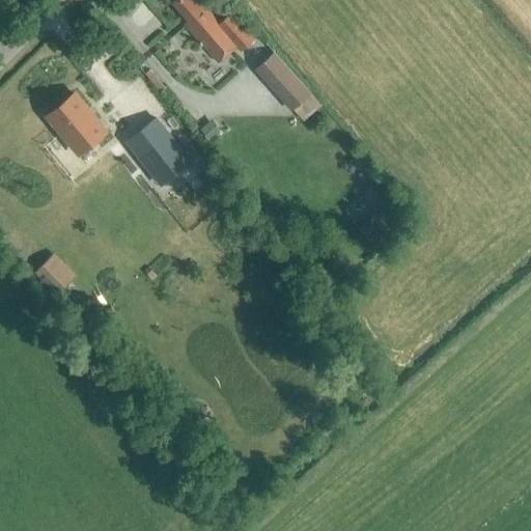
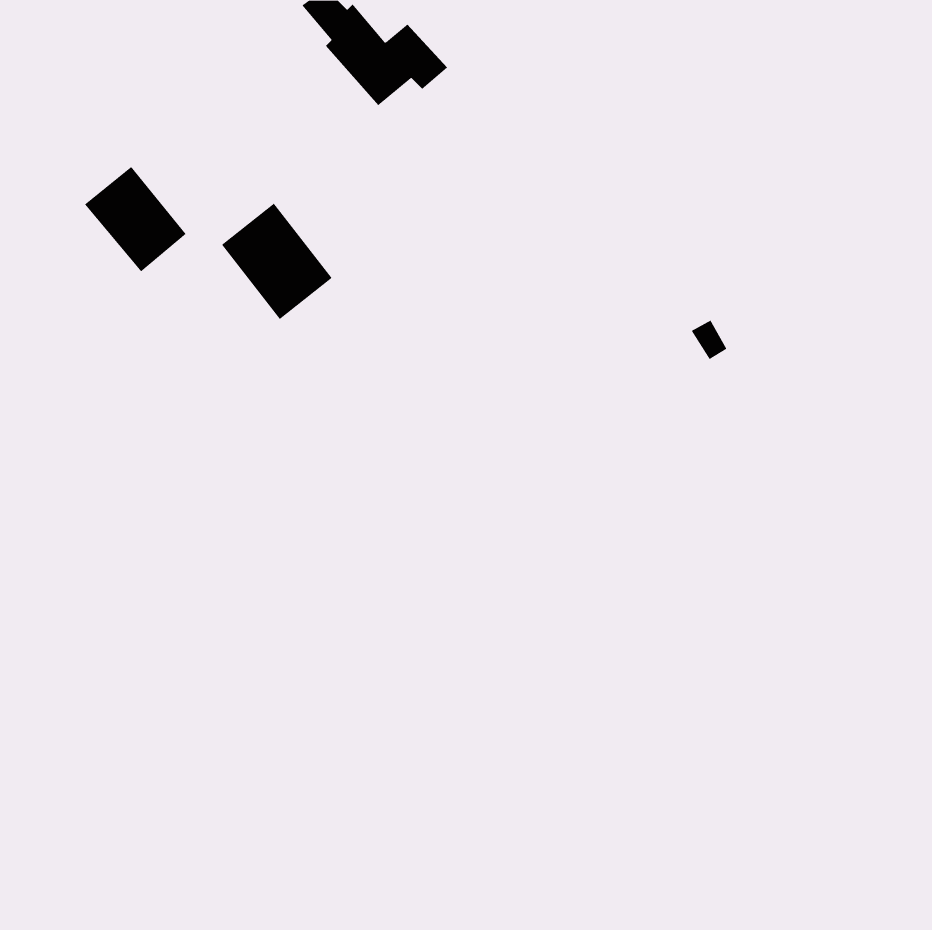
building: [256,54,311,111] -> none
building: [35,256,76,296] -> none

